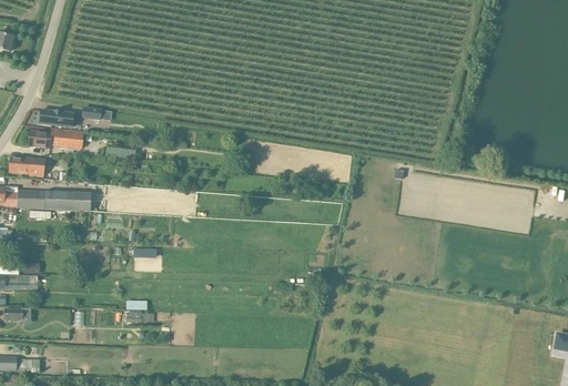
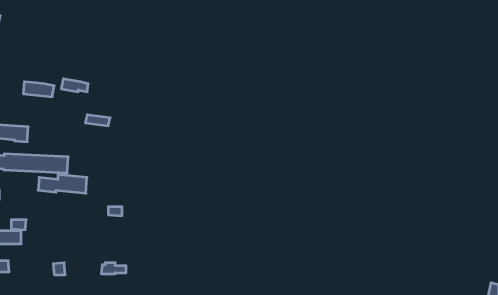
building: [29,128,83,149] -> [38,174,87,193]

